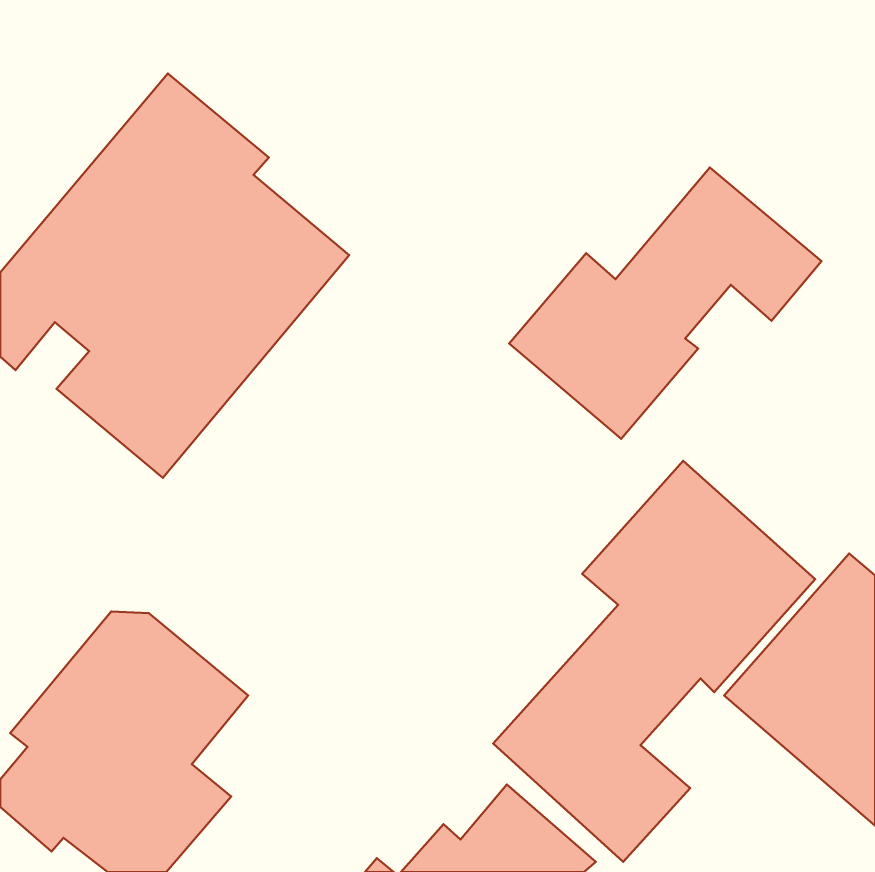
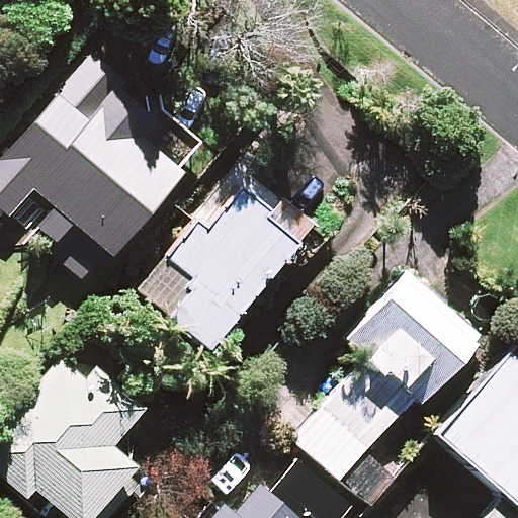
building: [509,168,822,439] -> none
building: none -> [138,189,315,353]

